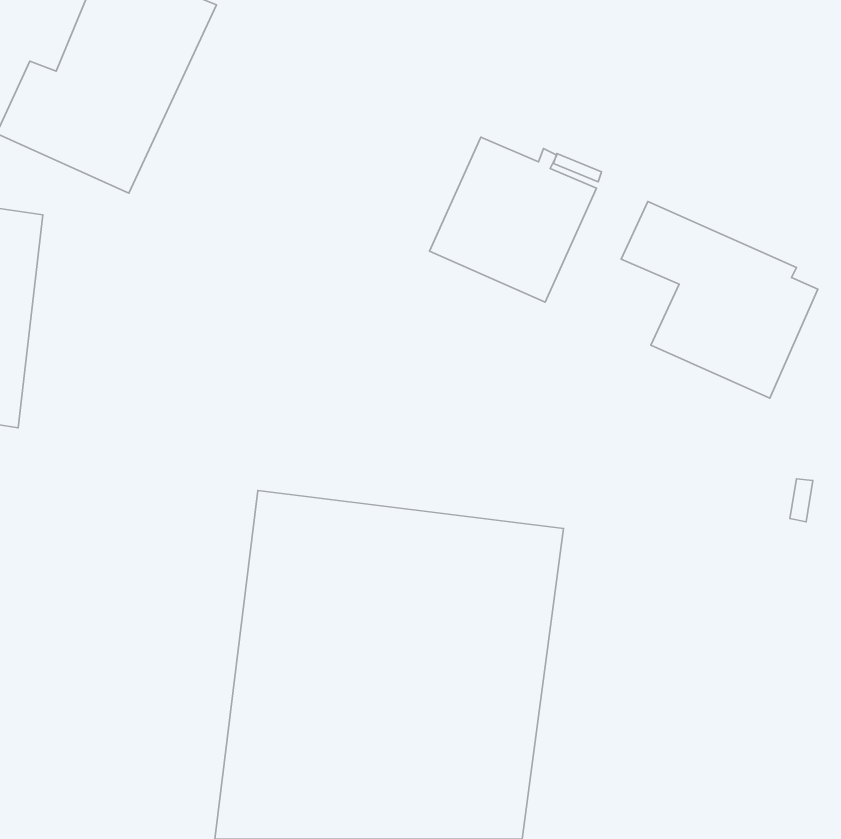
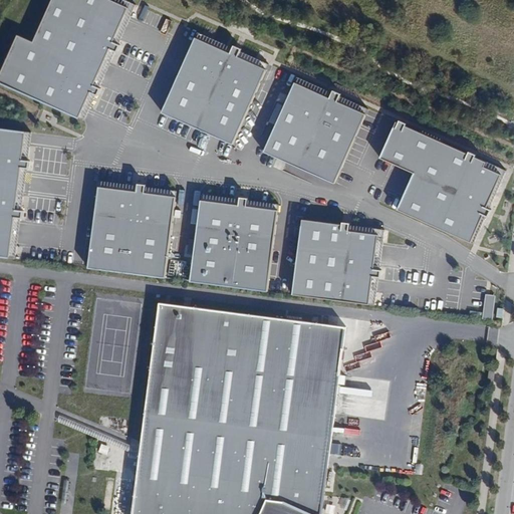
building: none -> [163,39,266,144]
building: none -> [89,185,176,279]
building: none -> [188,199,275,291]
building: none -> [290,220,373,304]

